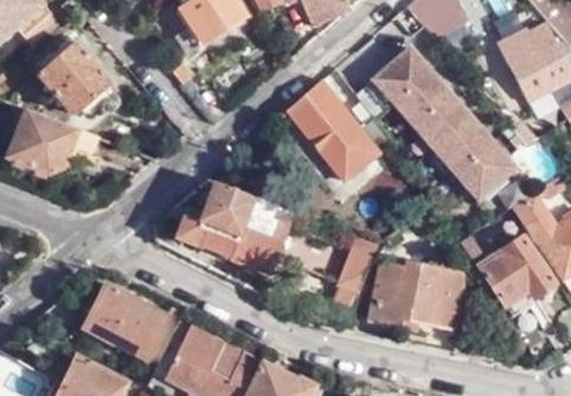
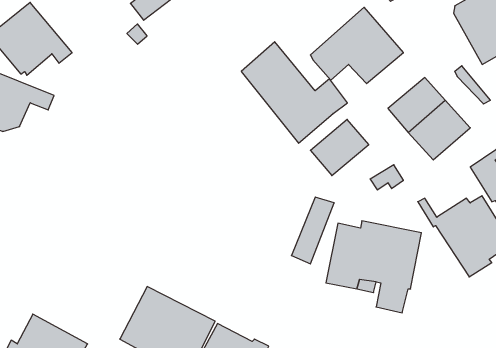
building: [410,92,468,148] -> [310,119,369,176]
building: [172,185,294,284] -> none
building: [94,280,190,364] -> none

